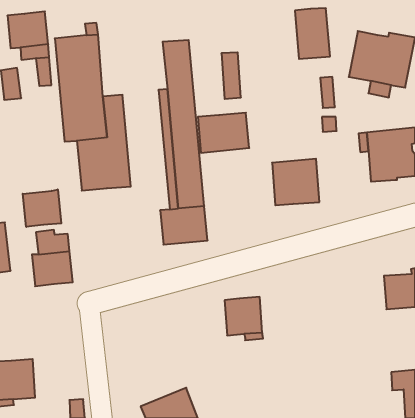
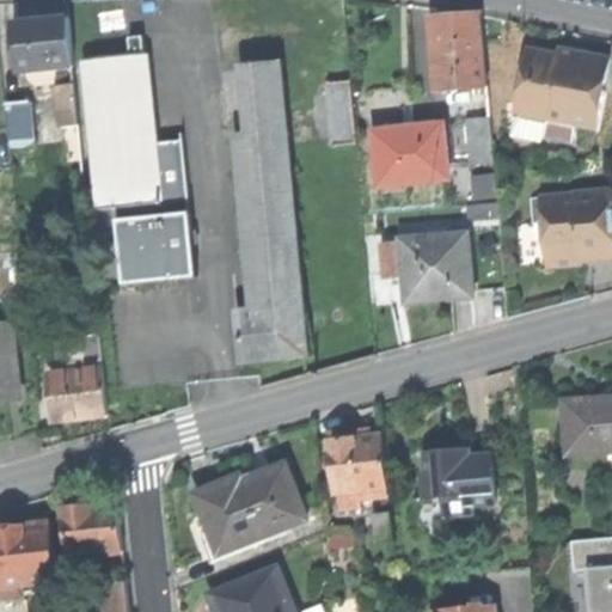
building: [198,113,249,153] -> [371,123,446,182]
building: [23,189,61,227] -> none
building: none -> [420,447,494,514]
building: none -> [190,461,304,552]
building: none -> [61,504,118,557]

